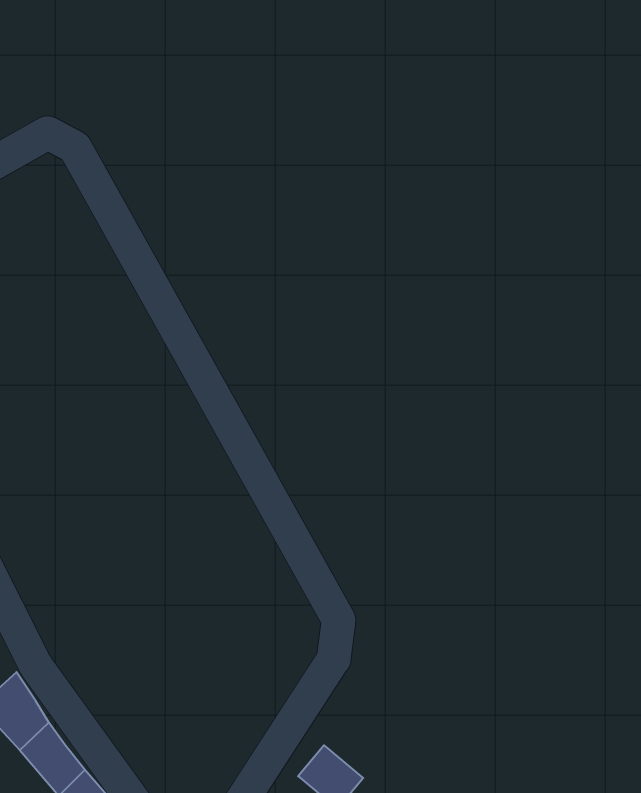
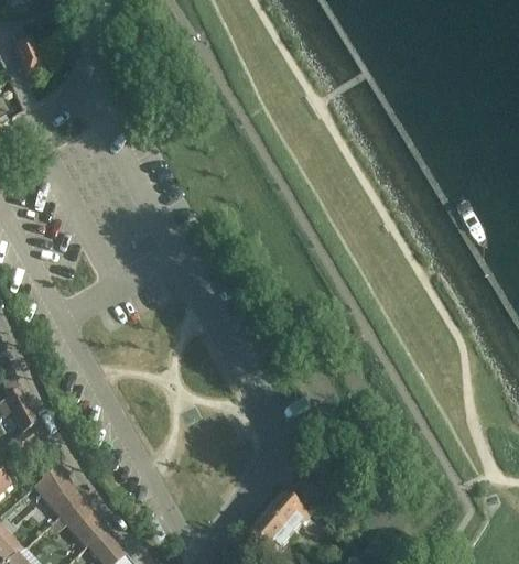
building: none -> [264,494,307,535]

